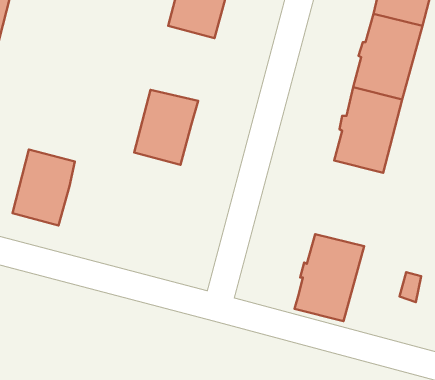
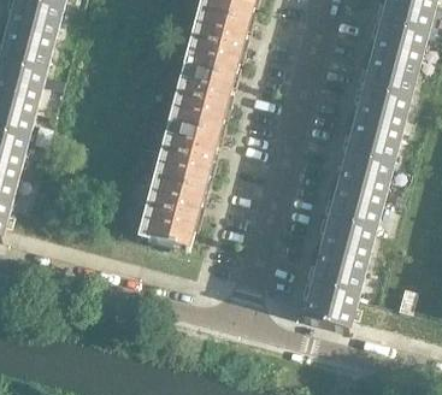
building: none -> [177,63,234,129]
building: [12,149,75,226] -> [148,175,204,242]
building: none -> [323,182,383,258]

